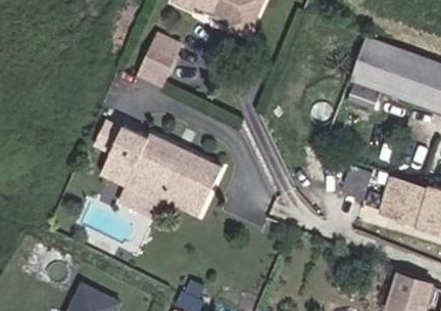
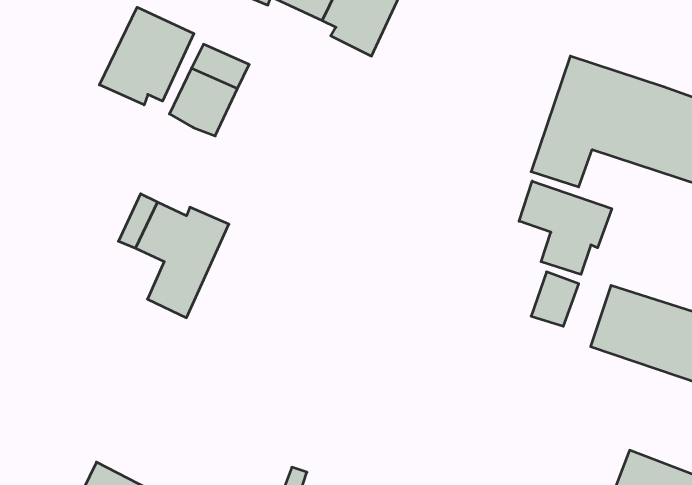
building: none -> [99,7,194,105]
building: none -> [519,181,612,274]
building: [137,139,217,215] -> none

